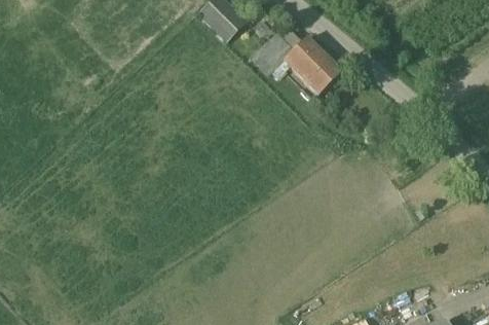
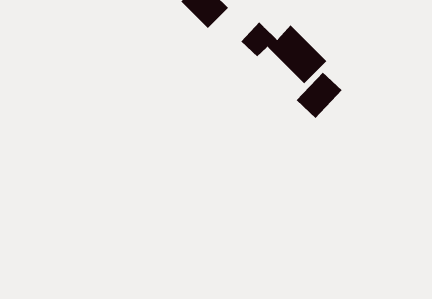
building: none -> [296,72,342,119]

